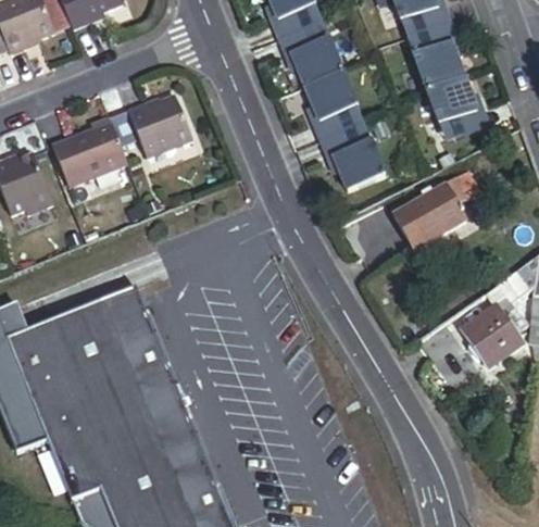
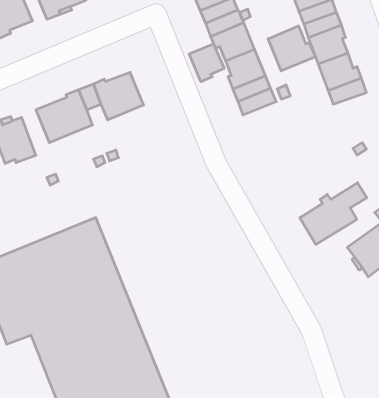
building: none -> [268,26,315,71]
building: none -> [189,44,224,82]
building: [326,136,384,186] -> none
building: [393,166,480,247] -> [300,183,367,244]

